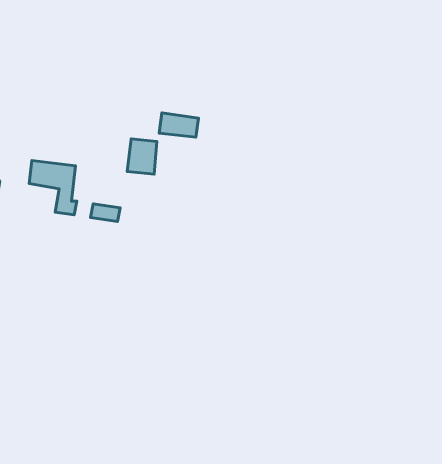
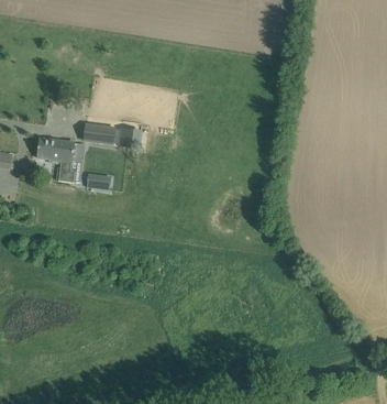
building: [159,113,199,137] -> [82,123,114,143]

